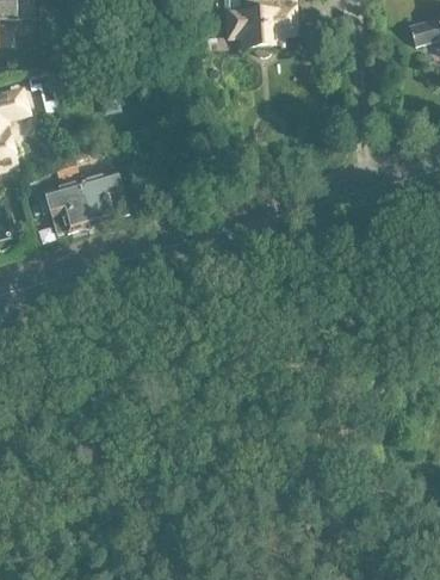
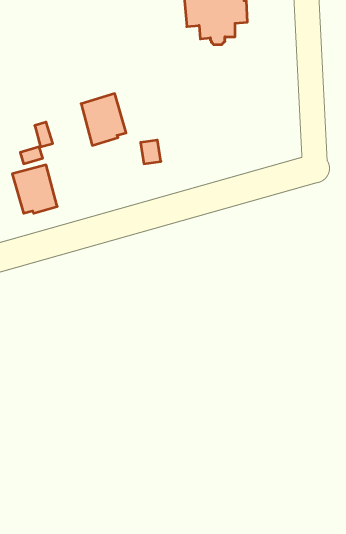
building: [81,171,129,226] -> [81,94,126,145]

